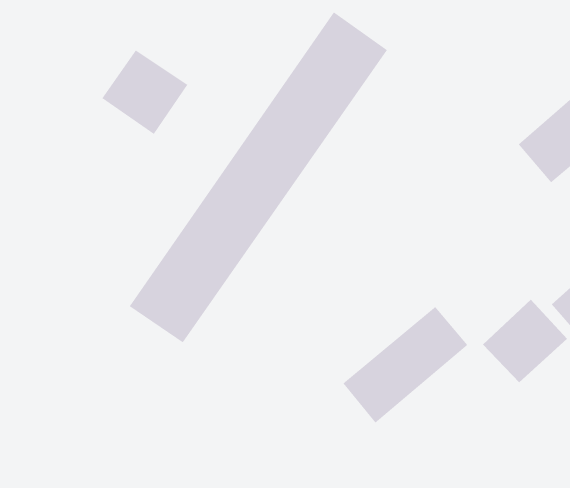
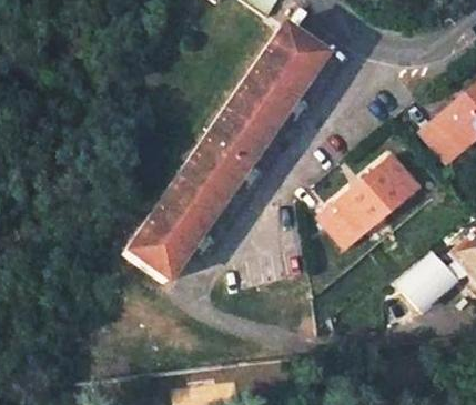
building: [101,50,188,135] -> none
building: [342,306,468,423] -> [320,156,417,247]

